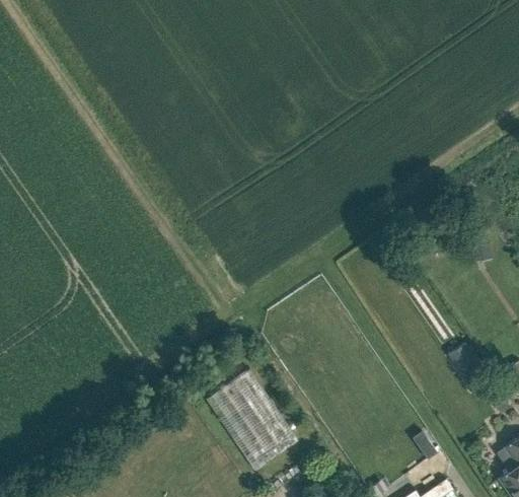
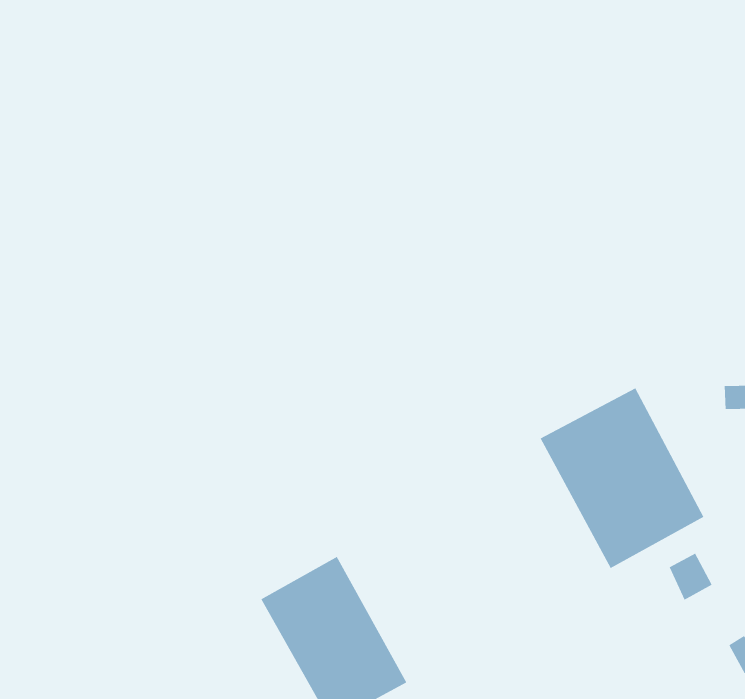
building: none -> [540,387,704,569]

